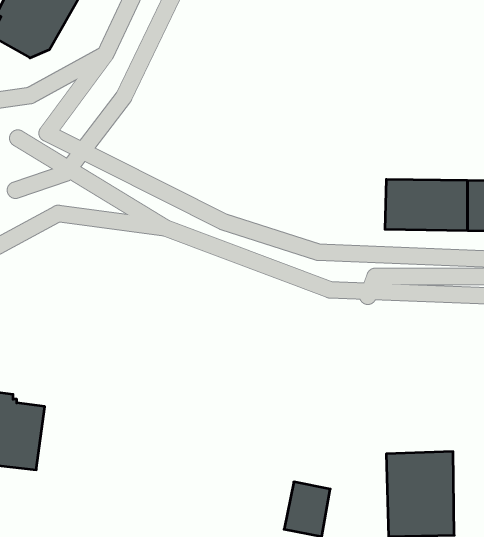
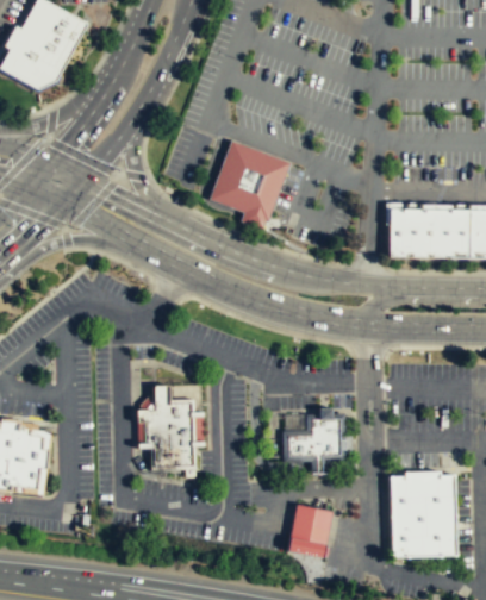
building: none -> [210,138,292,220]
building: none -> [138,383,198,468]
building: none -> [284,411,347,470]

